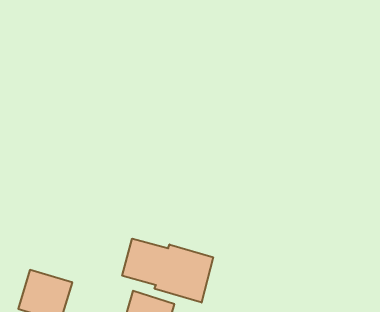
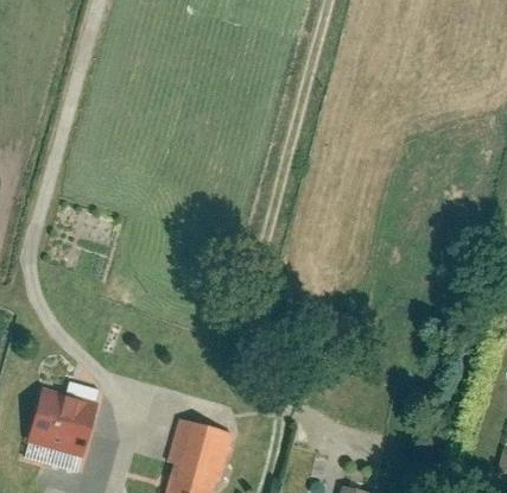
building: [122,239,213,303] -> none

